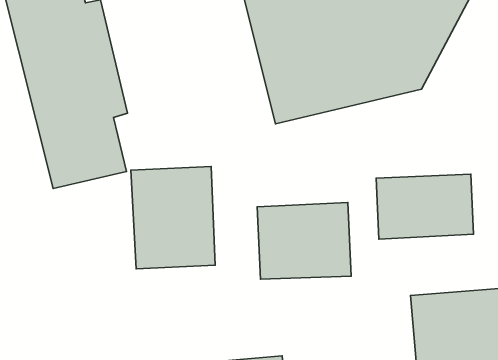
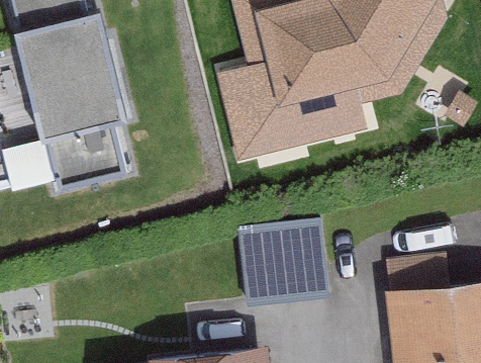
building: [131,167,215,269] -> none
building: [376,174,474,239] -> none

